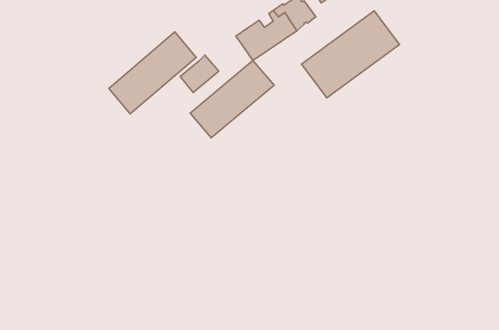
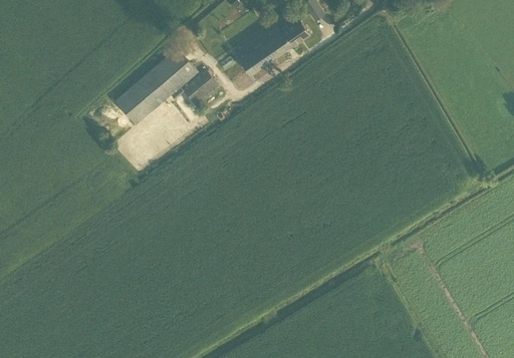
building: [302,11,399,98] -> none
building: [190,61,274,138] -> none

